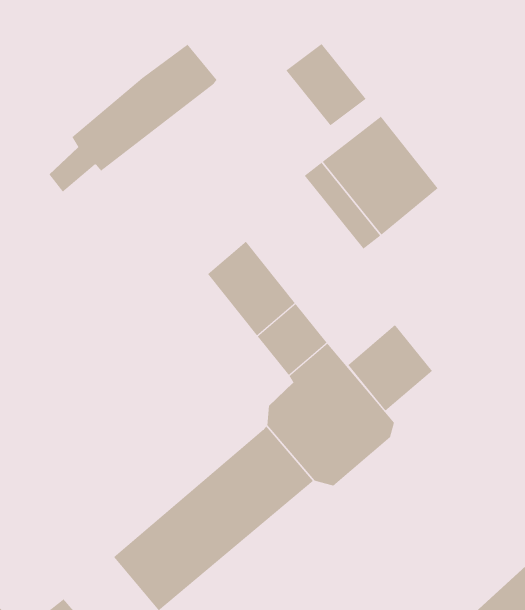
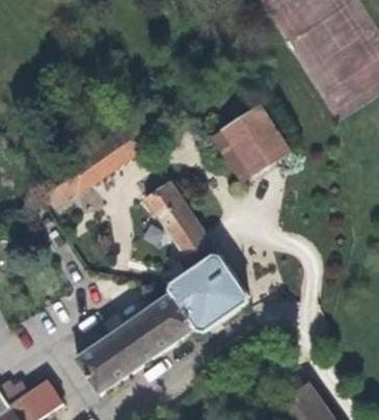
building: [286,43,367,126] -> none
building: [48,44,218,192] -> [44,120,148,201]
building: [347,324,433,411] -> none

